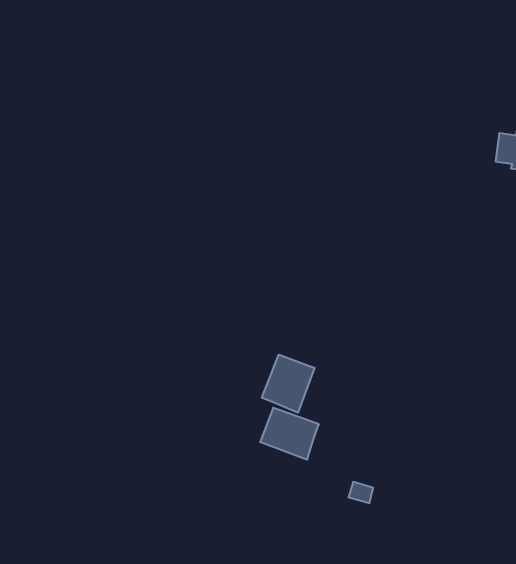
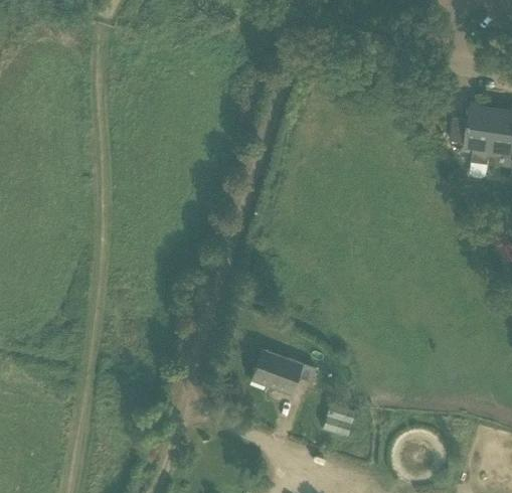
building: [262,355,315,413] -> none

